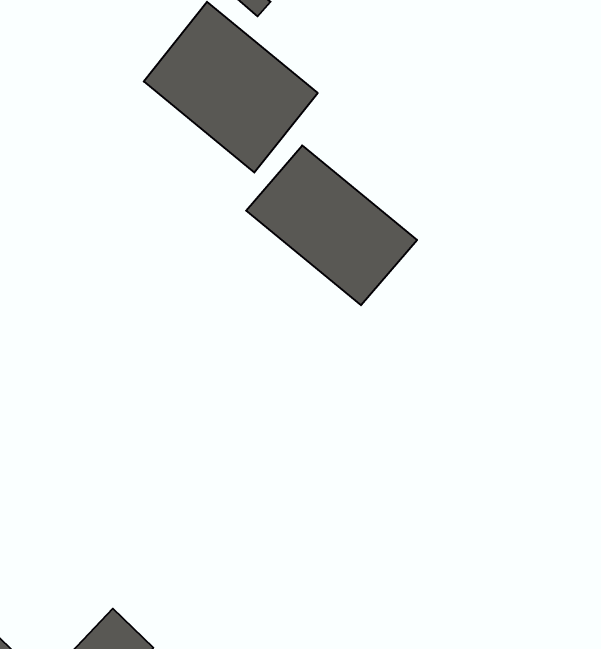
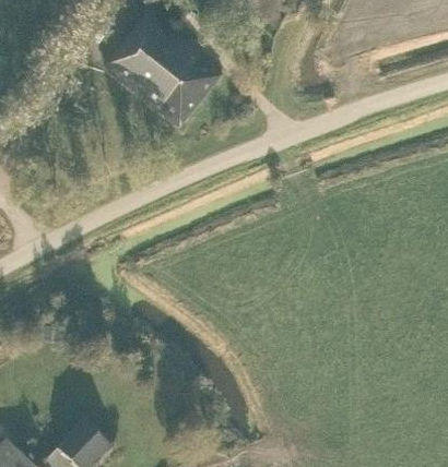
building: [246,145,417,305] -> none

